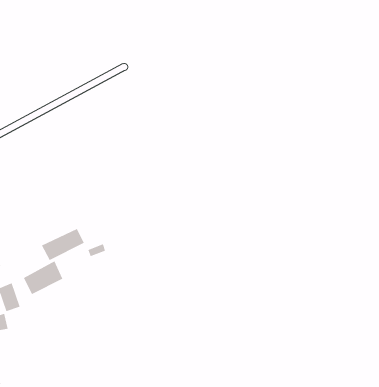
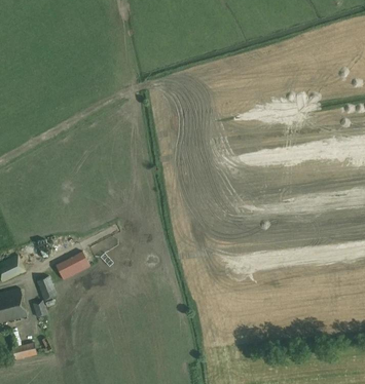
building: [41,228,85,261] -> none

